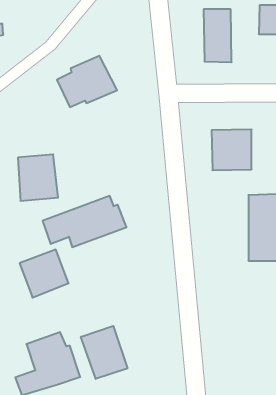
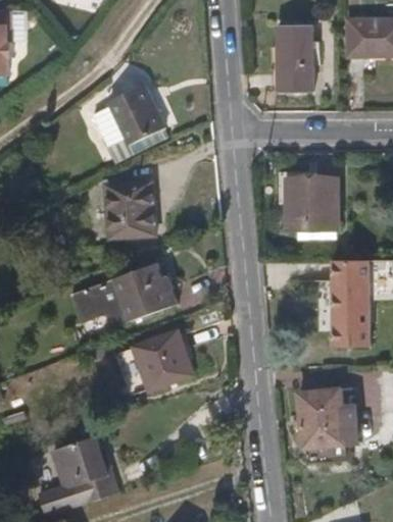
building: [18,154,58,201] -> [104,179,155,239]
building: [20,250,69,298] -> [131,329,193,390]
building: none -> [298,387,356,448]
building: [81,326,127,379] -> none

